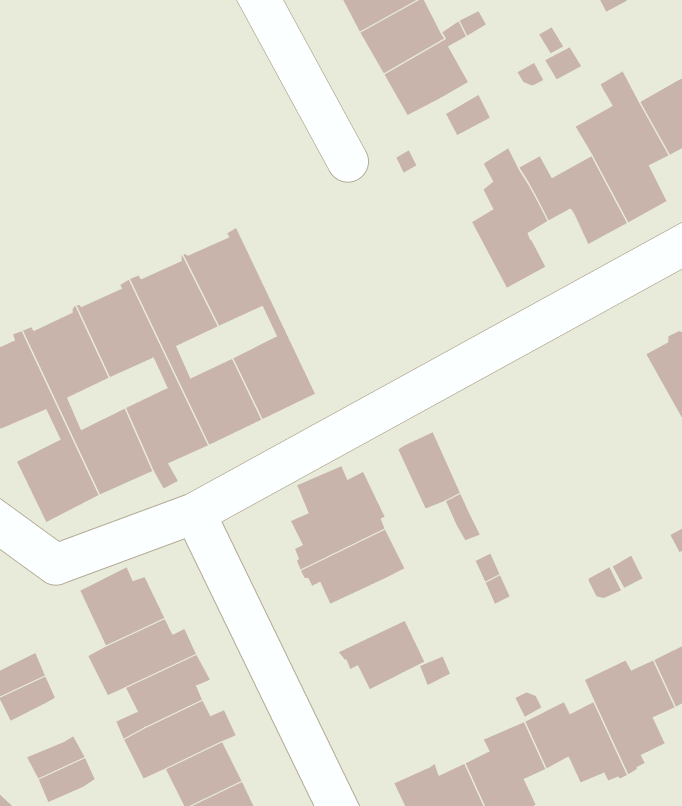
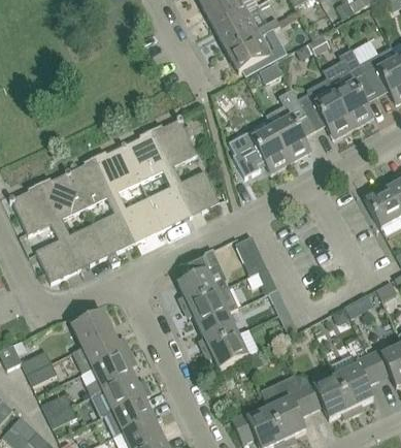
building: none -> [151,117,221,216]
building: none -> [229,126,291,177]
building: none -> [199,312,238,350]

